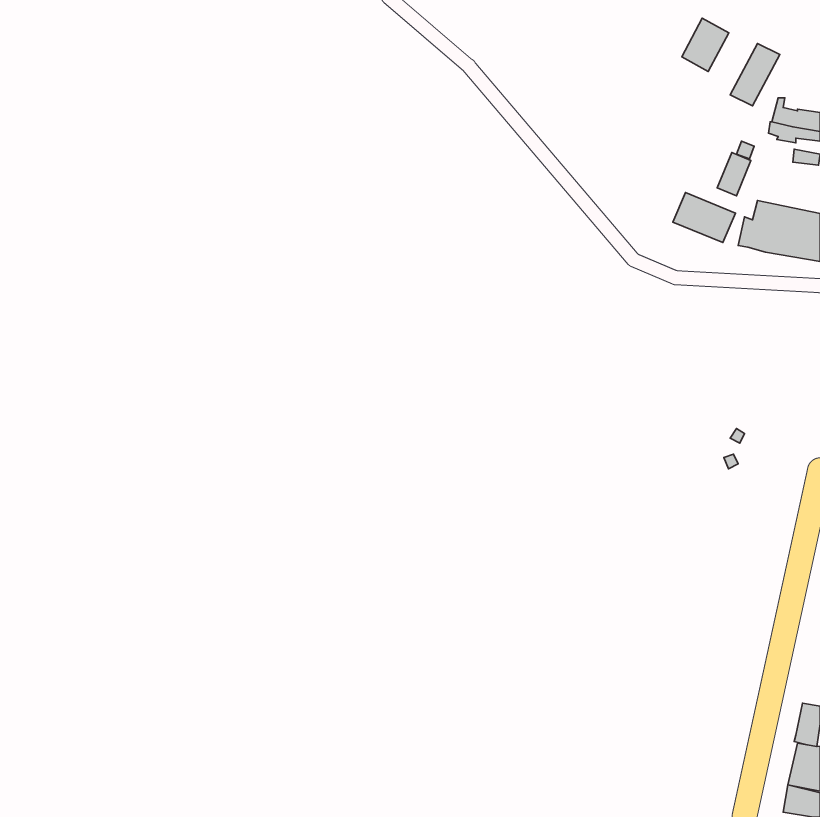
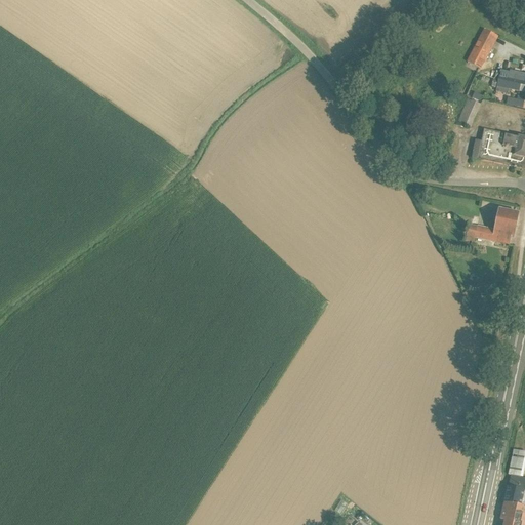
building: [682,18,729,72] -> none
building: [673,193,736,243] -> none
building: none -> [466,206,519,243]

